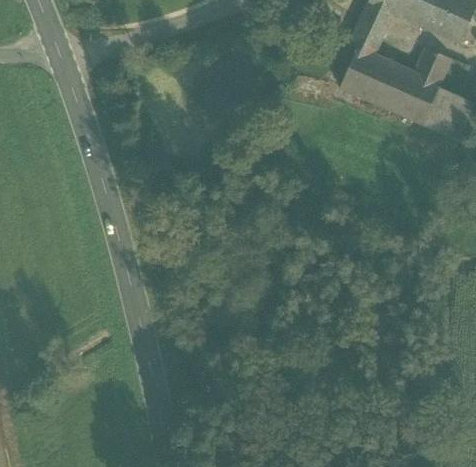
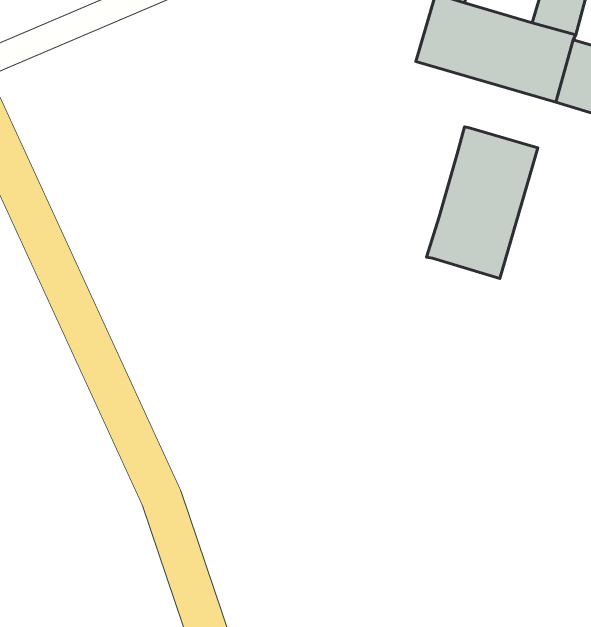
building: none -> [426,127,538,278]

